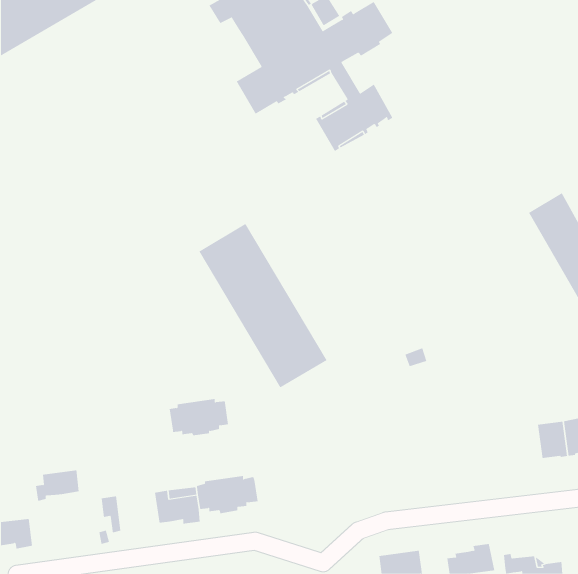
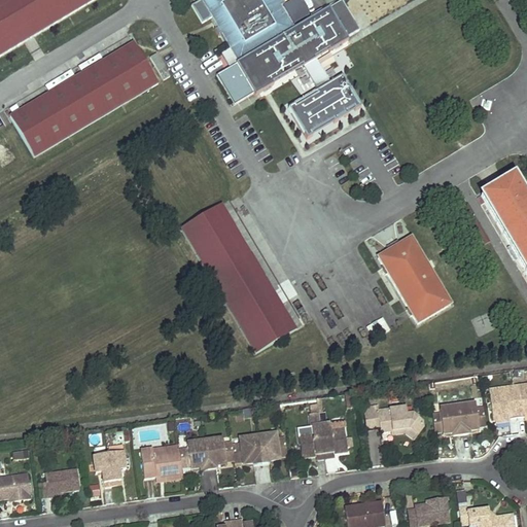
building: none -> [13,42,159,154]
building: none -> [378,236,453,323]
building: [169,399,229,436] -> [233,427,287,461]
building: none -> [365,400,428,435]
building: none -> [432,400,486,431]
building: none -> [298,420,347,455]
building: [35,470,79,502] -> [38,466,78,495]
building: none -> [107,449,125,483]

